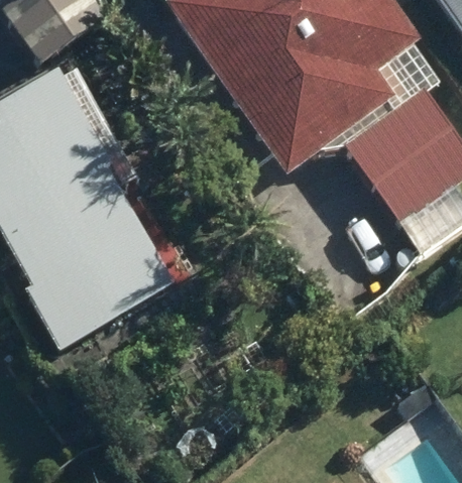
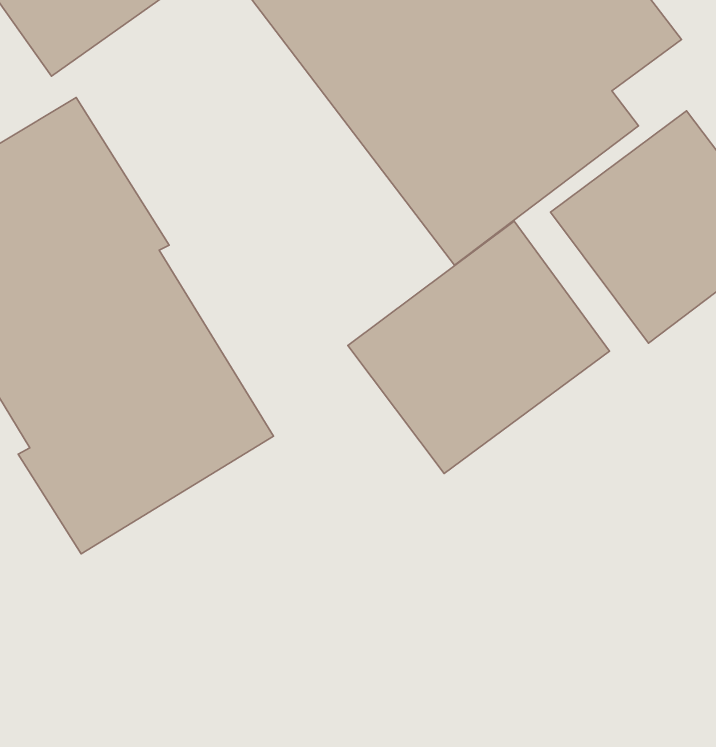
building: none -> [348,221,610,473]

